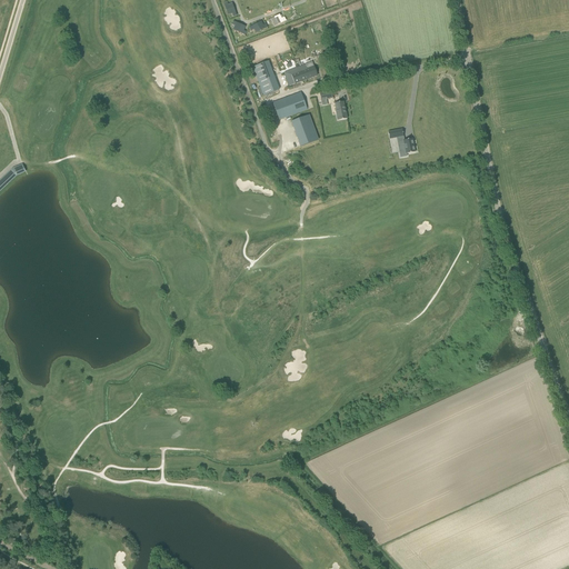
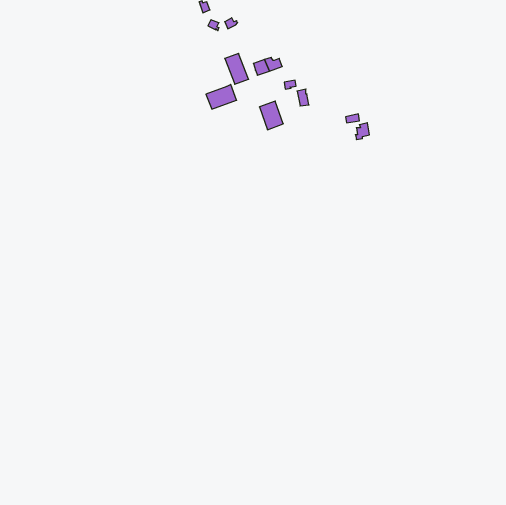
building: [272,91,307,119] -> [206,84,237,109]

